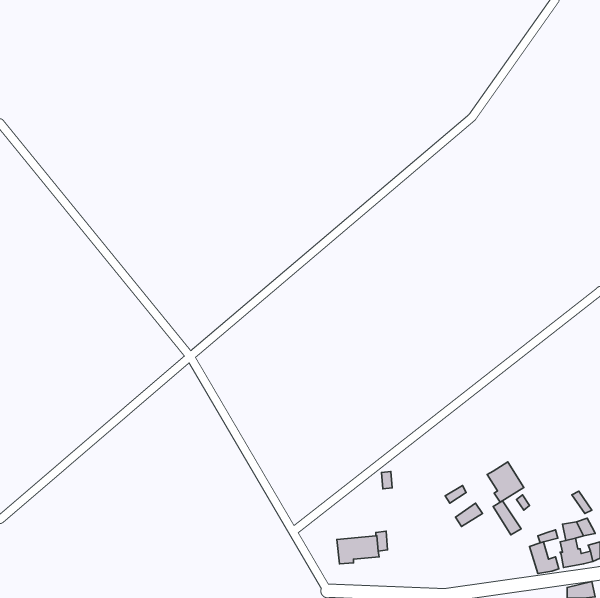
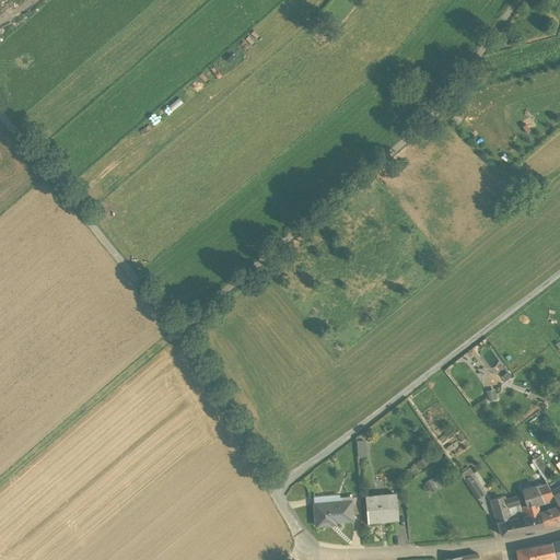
building: [487,462,524,502] -> none
building: none -> [366,495,398,522]

